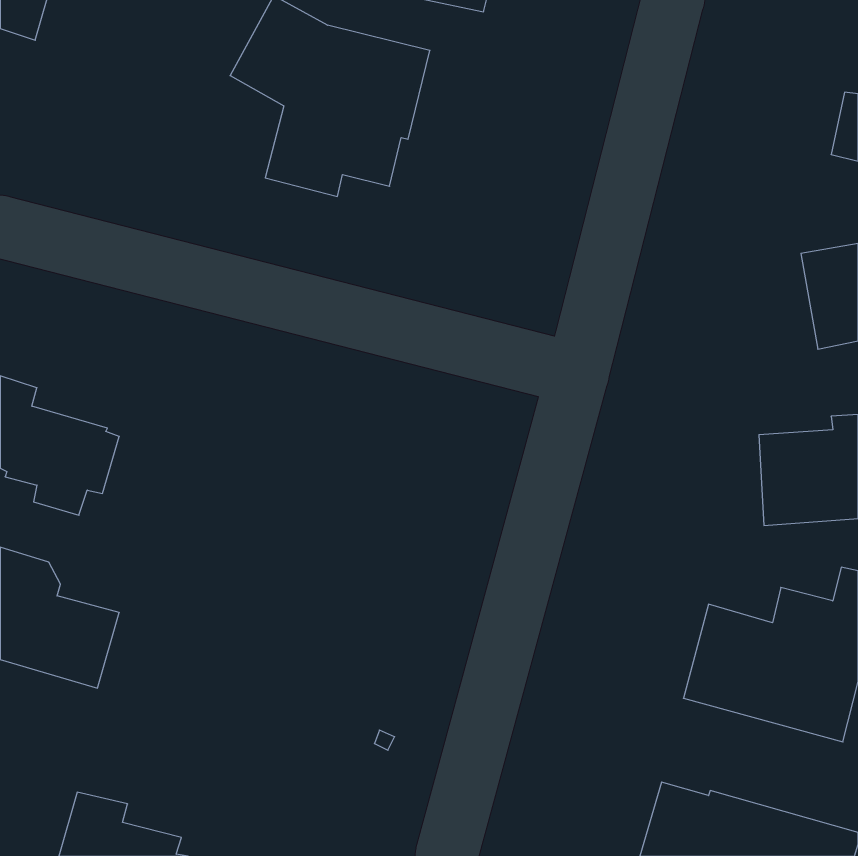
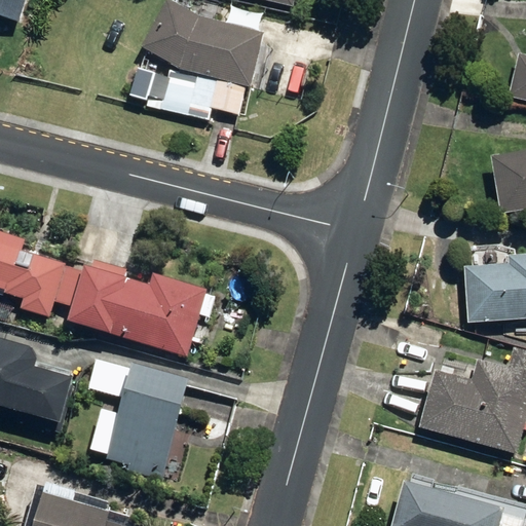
building: none -> [63,259,215,356]
building: none -> [90,356,193,482]

